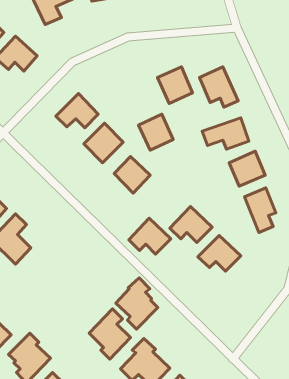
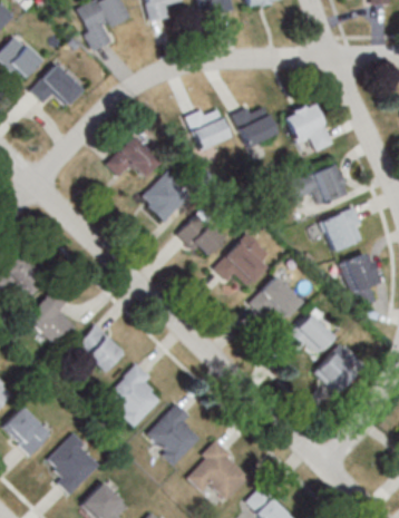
building: [138,114,173,150] -> [187,106,231,150]
building: [129,218,171,254] -> [213,241,265,285]
building: none -> [77,325,125,372]
building: none -> [315,344,362,391]
building: [116,278,158,329] -> [108,364,160,428]

